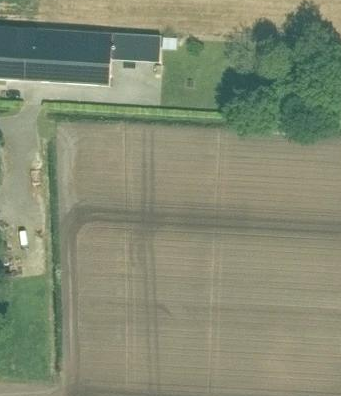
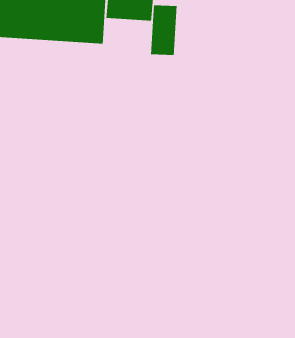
building: none -> [150,5,178,56]

